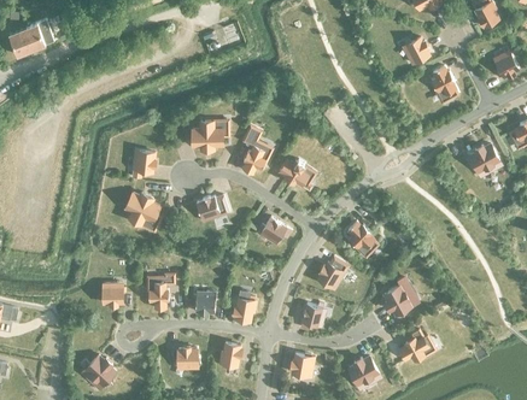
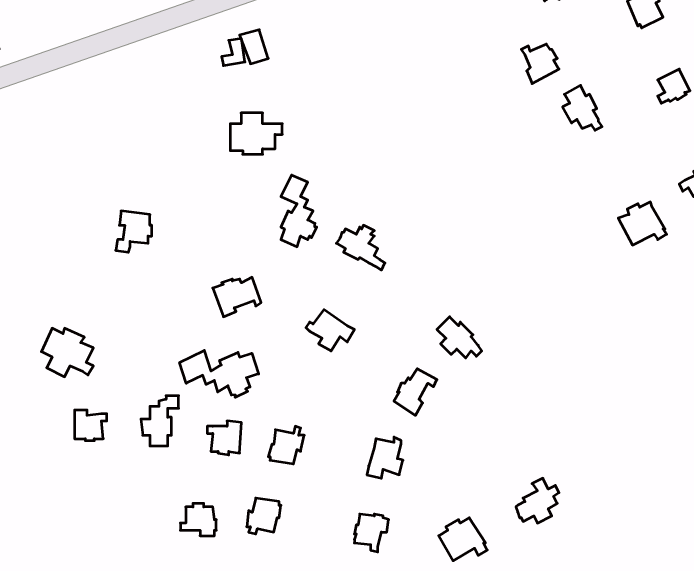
building: [192,120,227,148] -> [230,113,282,154]
building: [124,192,159,224] -> [41,328,93,377]
building: none -> [180,350,259,397]
building: [382,284,411,319] -> none
building: [78,354,115,386] -> none

